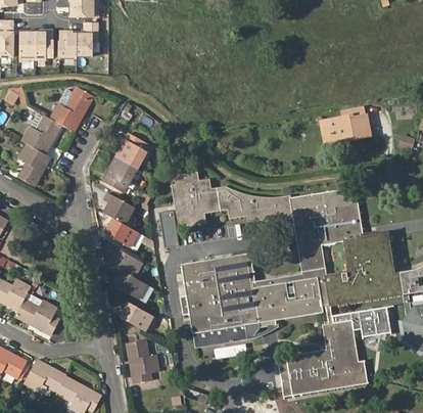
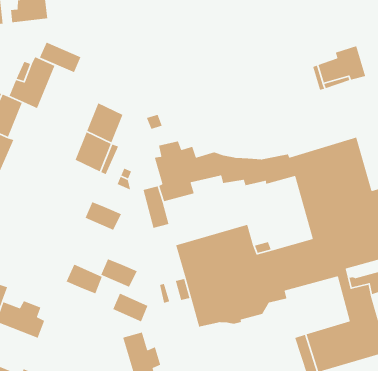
building: none -> [39,42,82,73]
building: [103,192,135,225] -> none
building: [109,248,143,278] -> [65,263,103,294]

